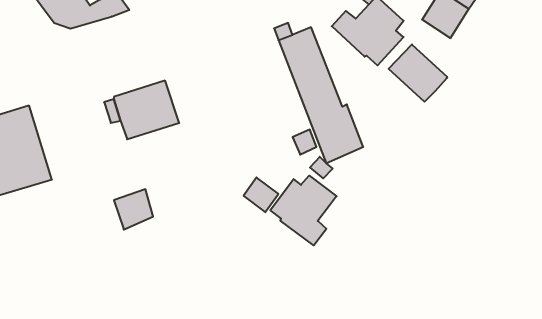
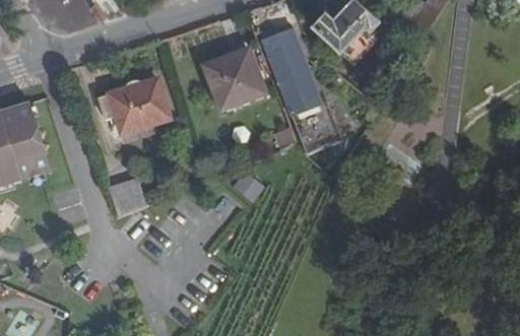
building: [389,44,447,102] -> none
building: none -> [202,49,266,111]
building: [270,176,337,245] -> none

